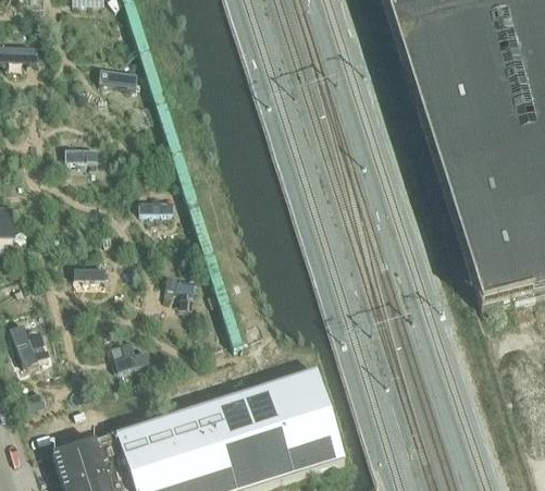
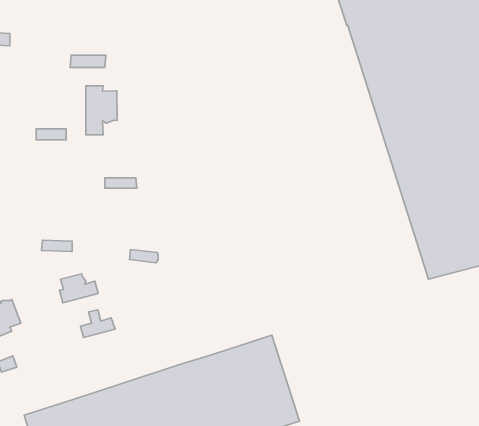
building: none -> [86,86,117,135]
building: none -> [60,274,98,303]

